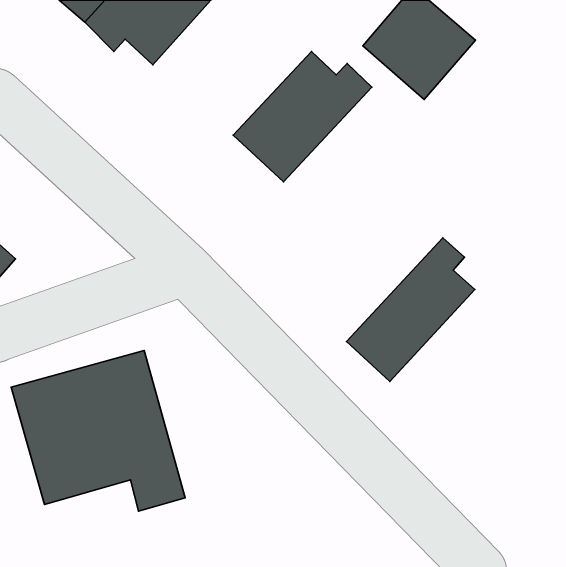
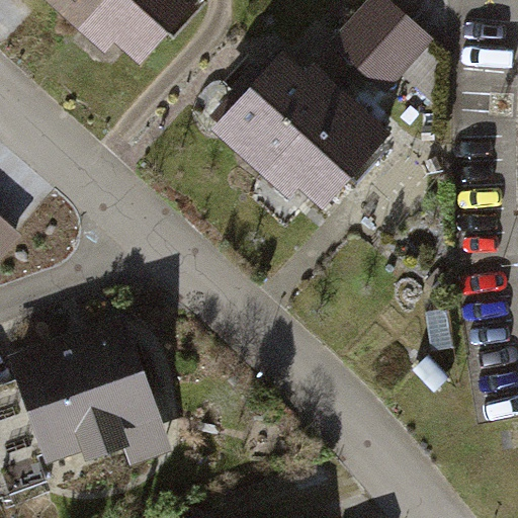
building: none -> [257,82,391,208]
building: [347,238,475,382] -> none

